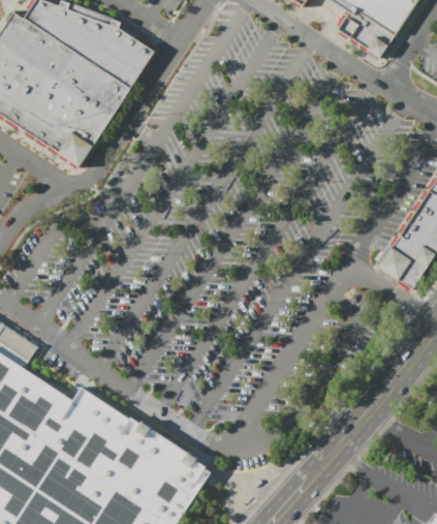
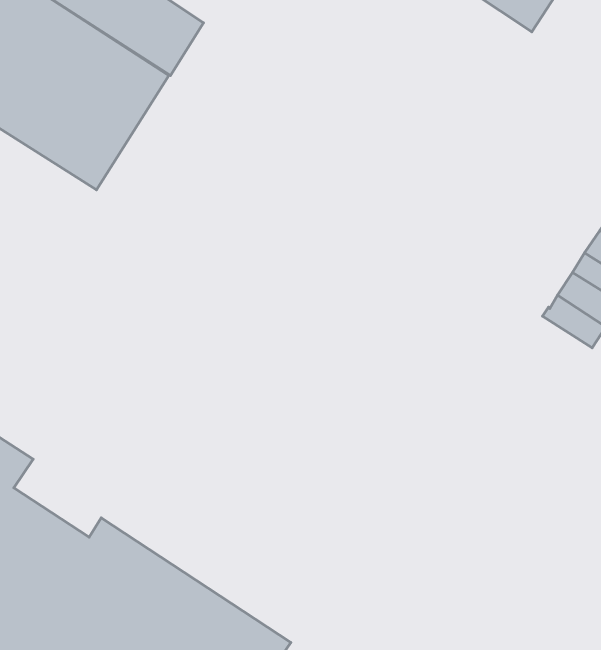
building: [379,251,422,286] -> none

